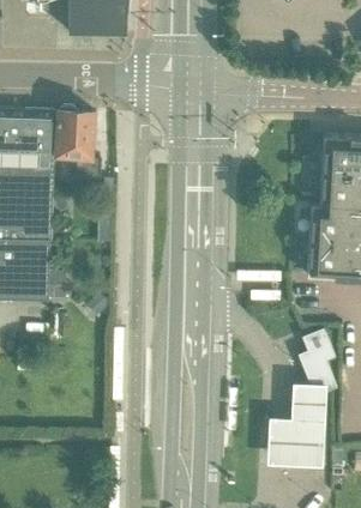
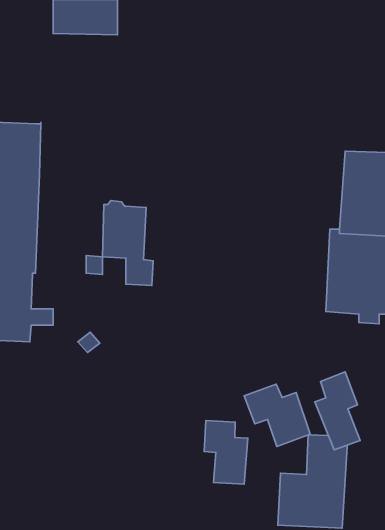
building: [56,107,101,181] -> [102,201,153,285]
building: none -> [244,384,310,447]
building: none -> [204,420,248,484]

